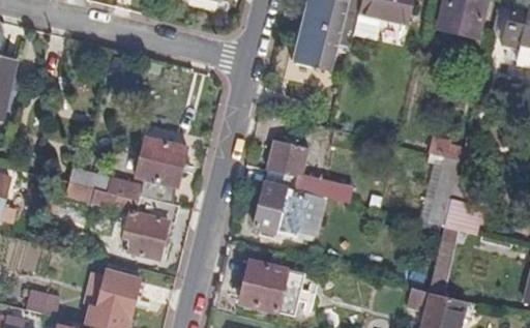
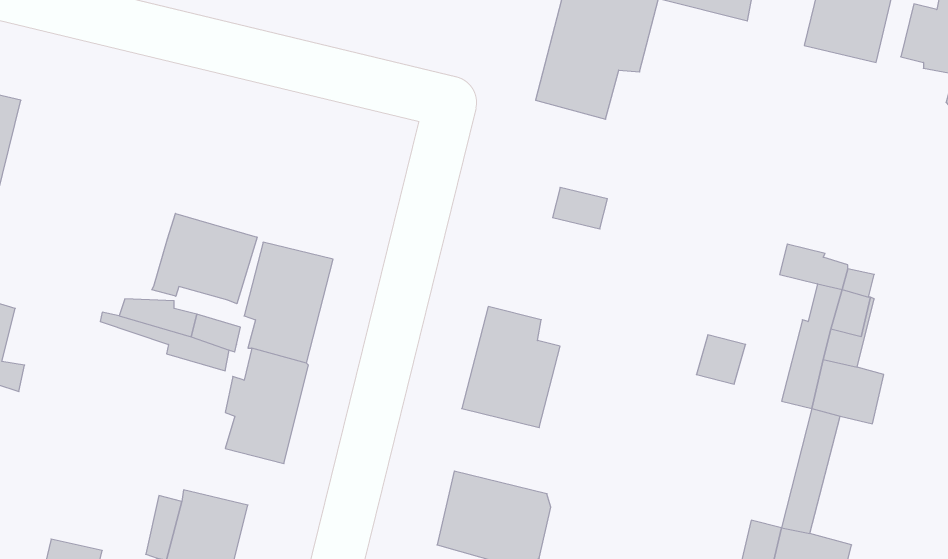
building: none -> [152,213,257,304]
building: [266,142,352,204] -> none

